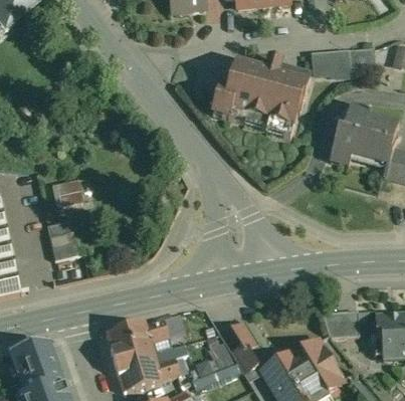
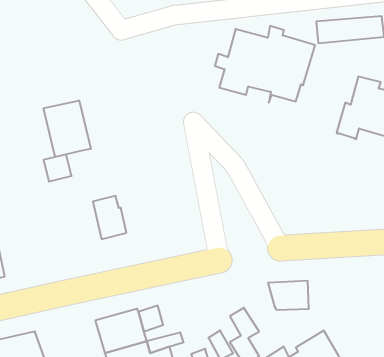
building: none -> [44,100,91,157]
building: [47,220,78,260] -> [93,196,126,239]
building: [322,311,360,338] -> [268,281,309,310]

